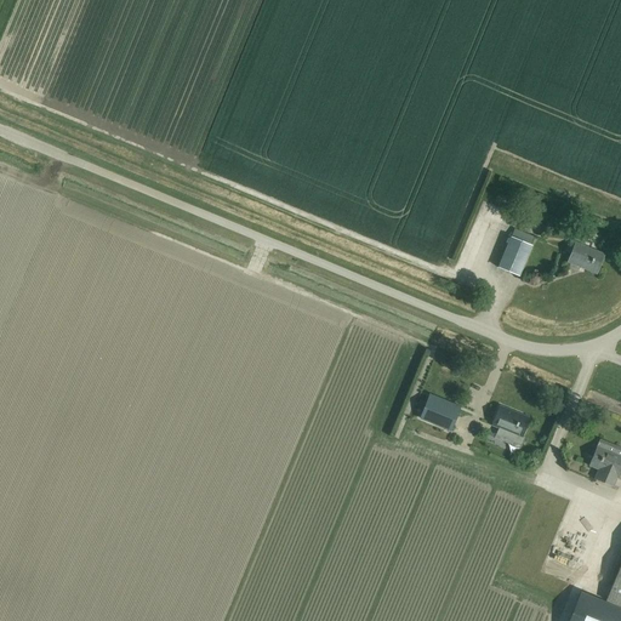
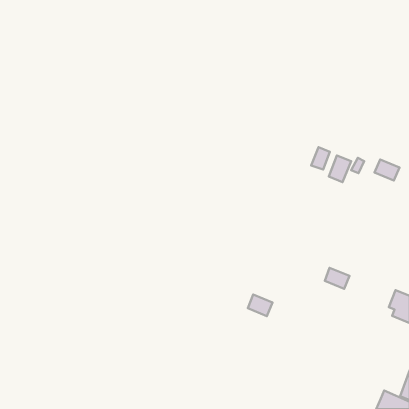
building: none -> [311,147,330,170]
building: [422,397,460,429] -> [248,295,273,316]

